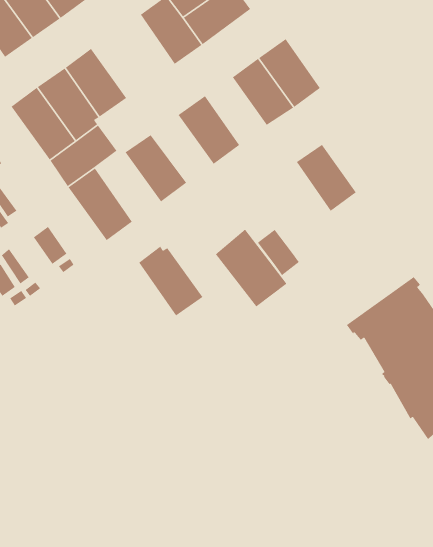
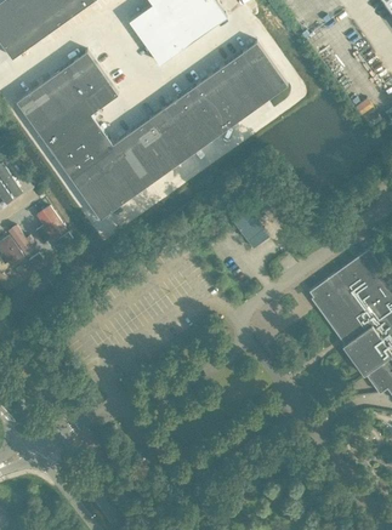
building: none -> [140,109,194,169]
building: [296,144,357,212] -> [187,76,240,136]
building: [215,228,288,307] -> none
building: [138,246,204,317] -> [91,141,148,203]

